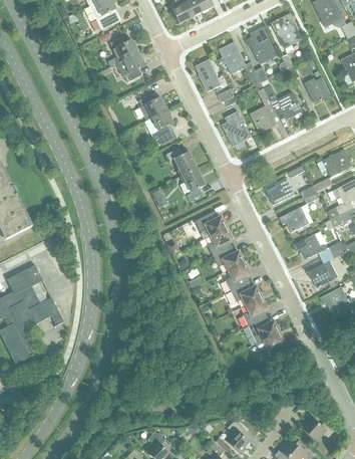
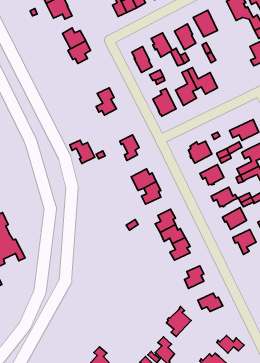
building: [304,77,331,102] -> none
building: [136,94,166,121] -> none
building: [164,148,196,177] -> [70,140,95,164]
building: [212,246,243,269] -> none
building: [248,315,279,338] -> [198,293,223,312]
building: none -> [167,306,191,337]

